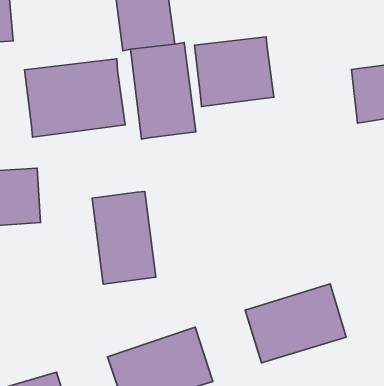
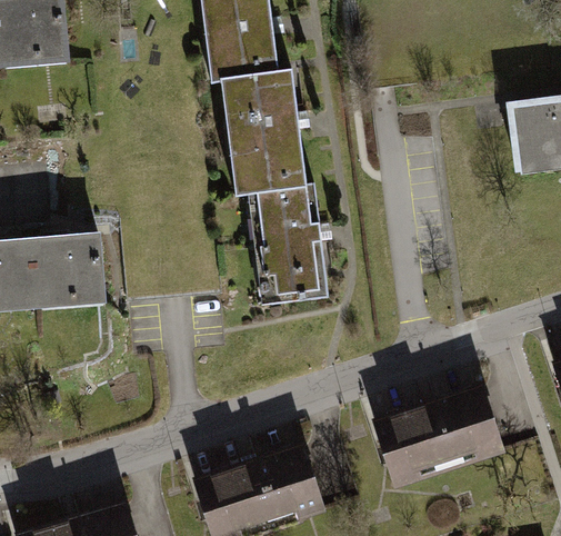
building: [194,37,274,107] -> none
building: [25,59,125,137] -> none
building: [92,191,156,284] -> [248,183,331,305]

